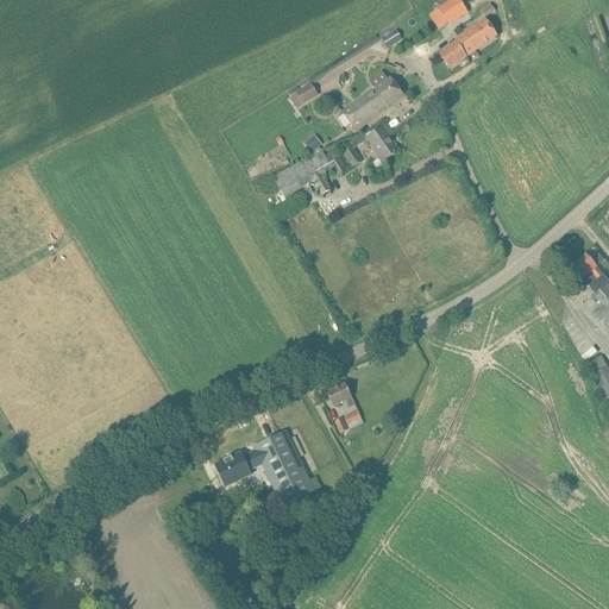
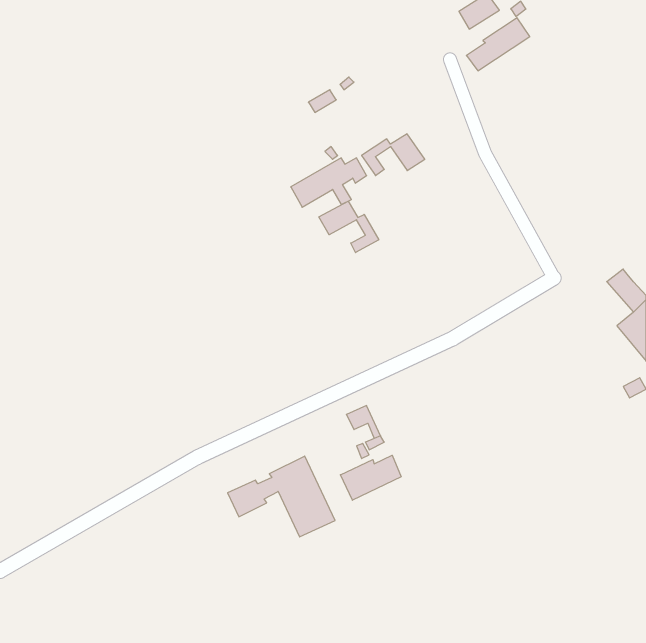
building: [343,71,403,130] -> none
building: none -> [319,201,379,253]
building: none -> [340,455,401,500]

